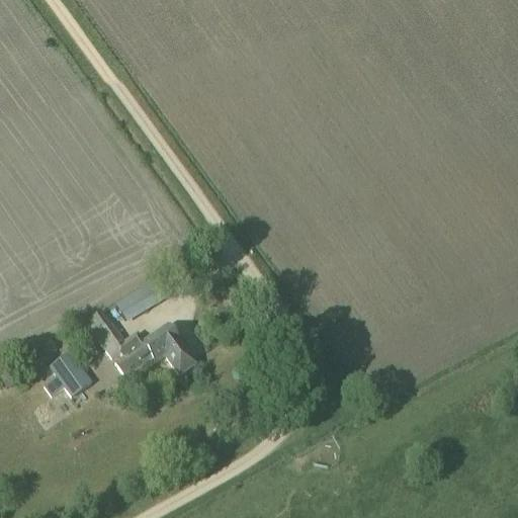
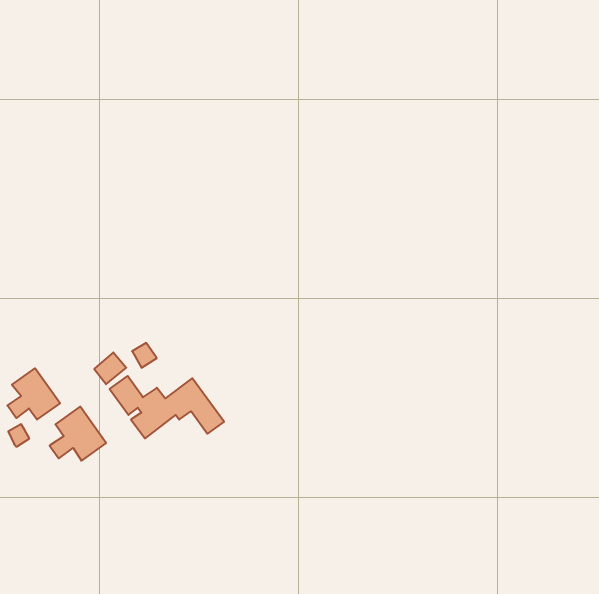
building: none -> [7,368,60,420]

